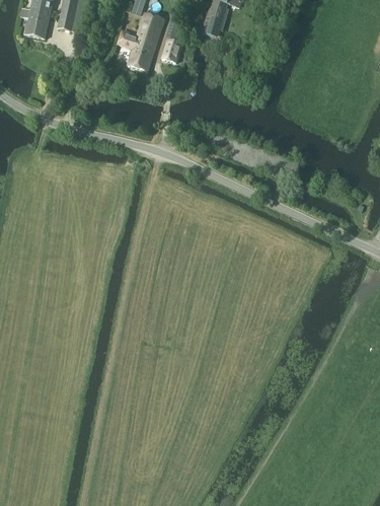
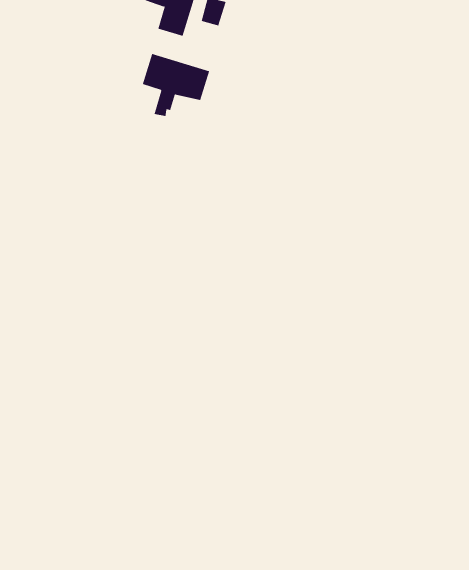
building: none -> [142,53,210,117]

